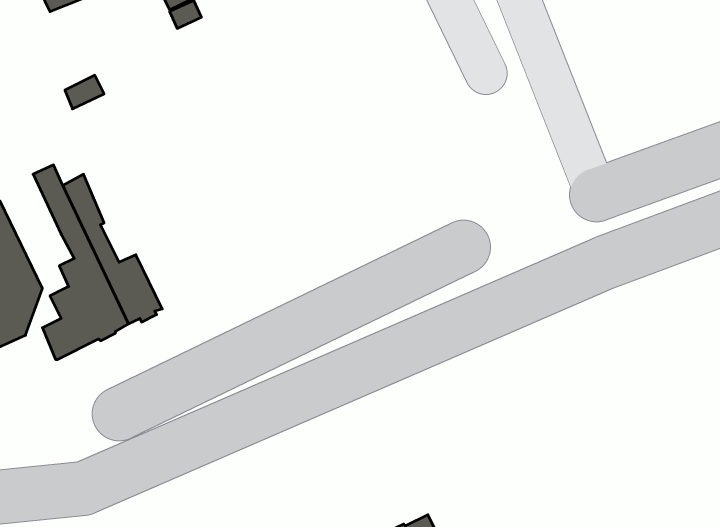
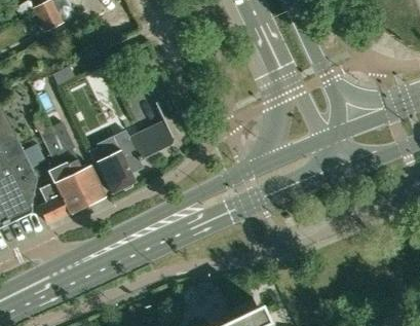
building: none -> [88,102,174,192]

